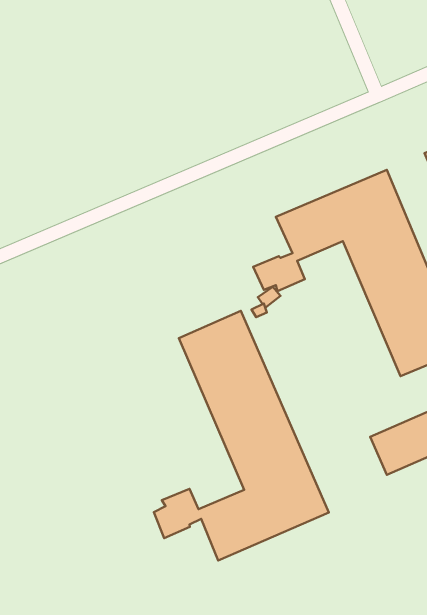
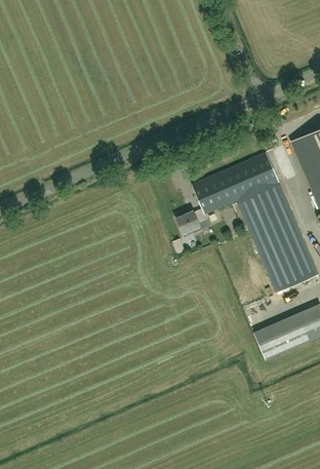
building: [154,311,329,561] -> none

